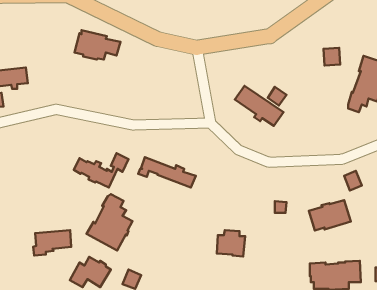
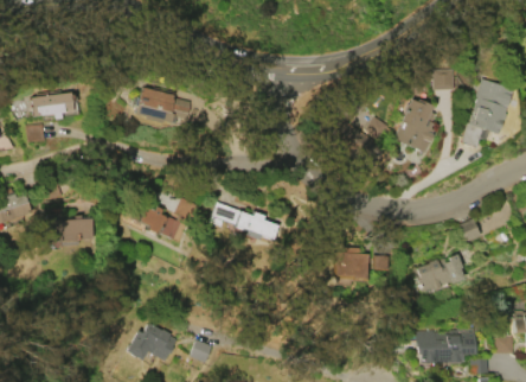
building: [75,30,120,59] -> [135,89,191,125]
building: none -> [394,98,435,152]
building: [87,194,133,251] -> none
building: [217,230,245,257] -> [334,248,368,280]
building: [33,230,71,256] -> [47,219,94,250]

